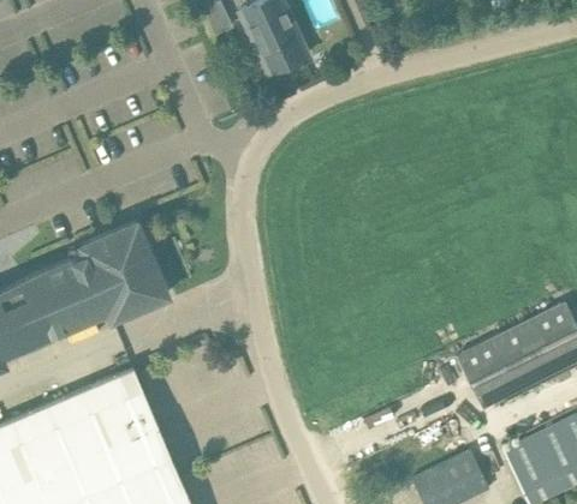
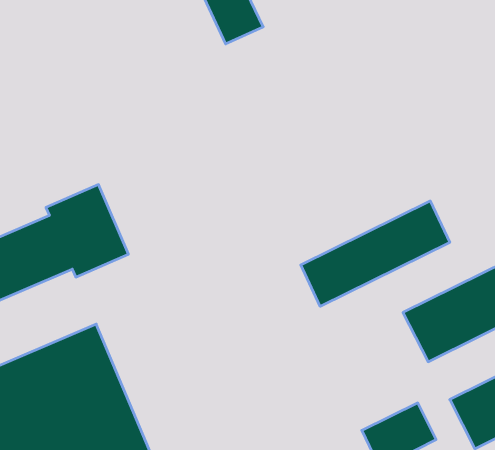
building: none -> [301,201,450,306]

